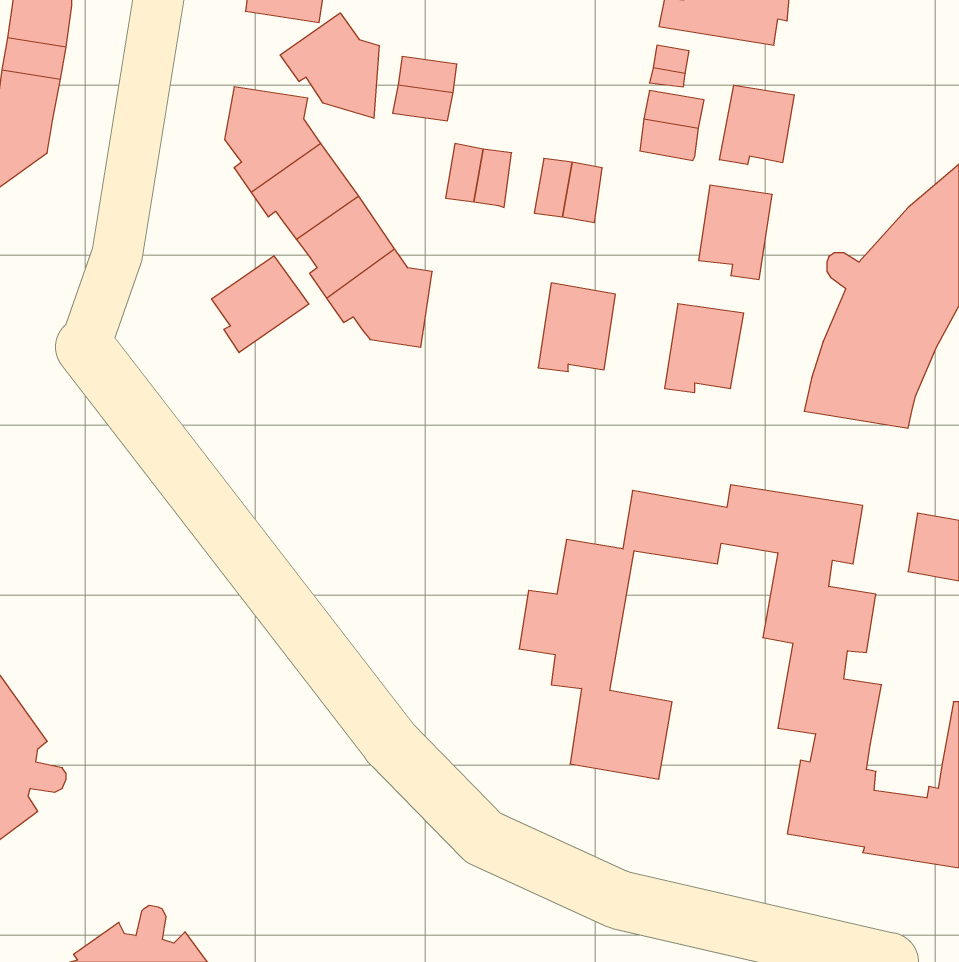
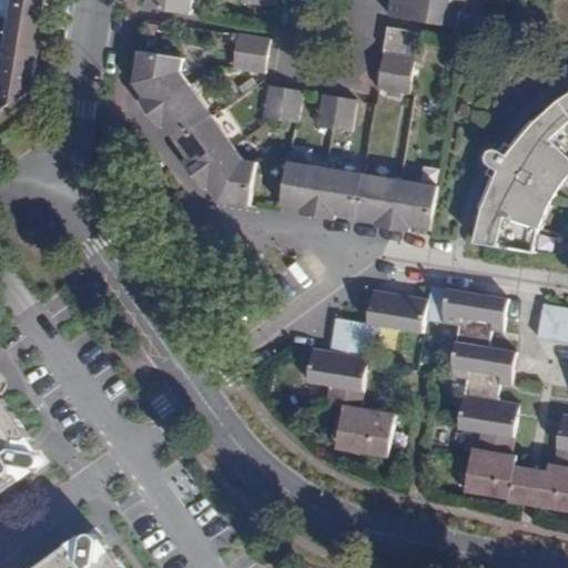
building: [280,13,379,118] -> none
building: [719,85,794,165] -> none
building: [699,185,772,279] -> [355,173,398,229]
building: [212,256,309,353] -> none
building: none -> [280,161,324,216]

